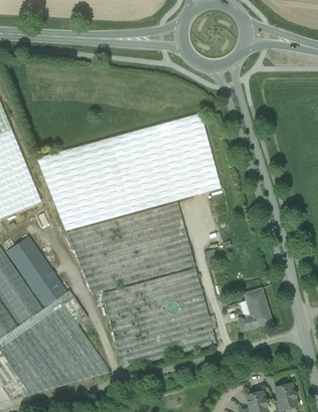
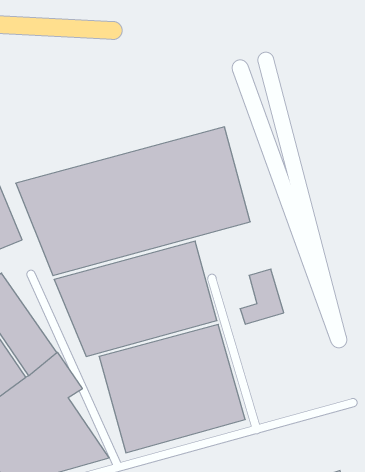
building: [237,288,272,332] -> [240,269,284,324]

